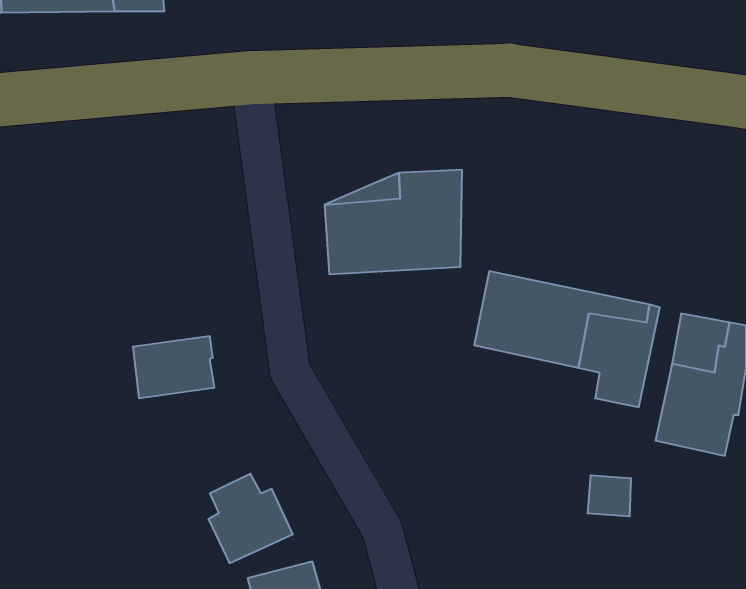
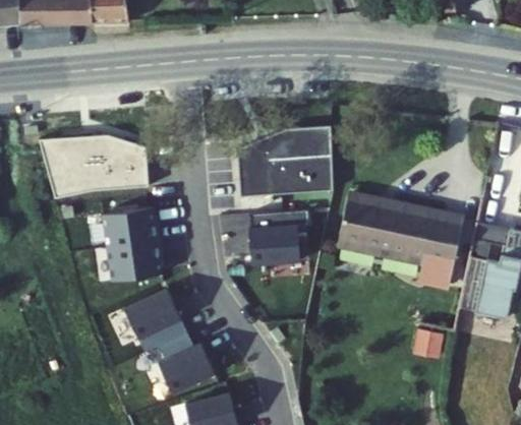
building: none -> [38,134,147,198]
building: none -> [102,207,159,247]
building: none -> [248,210,308,265]
building: none -> [123,288,186,352]

